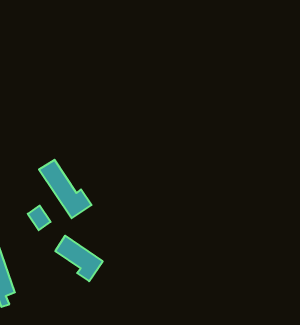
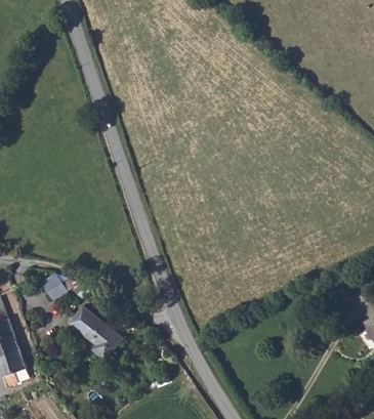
building: [39,160,92,218] -> none

